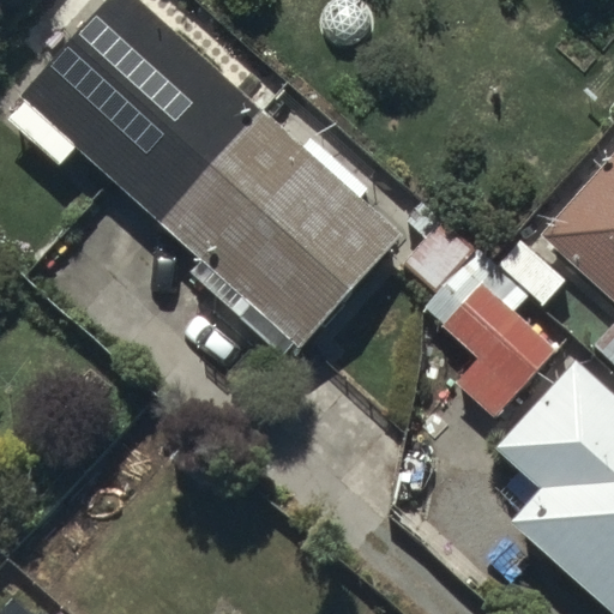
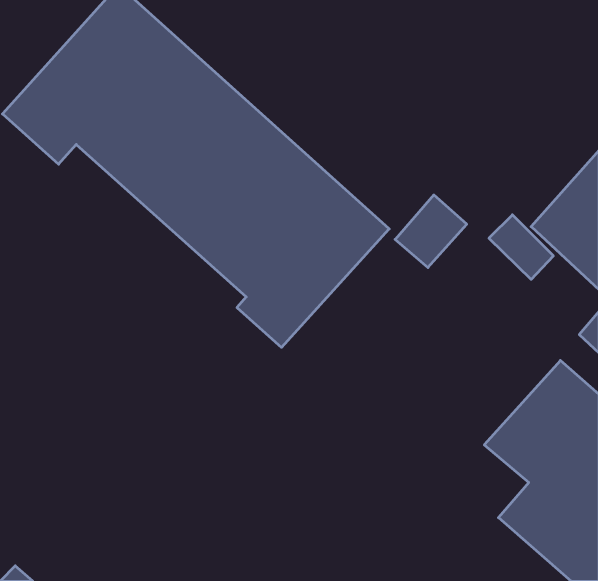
building: [444,272,559,415] -> none

